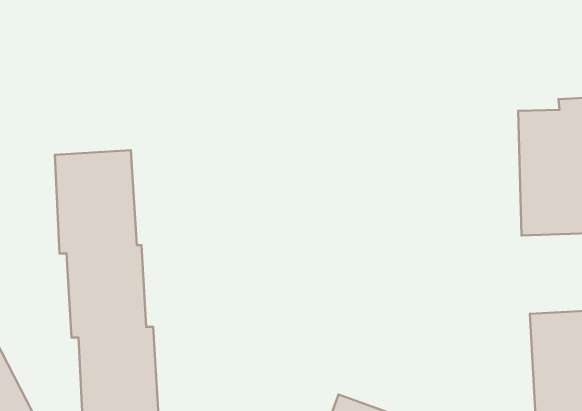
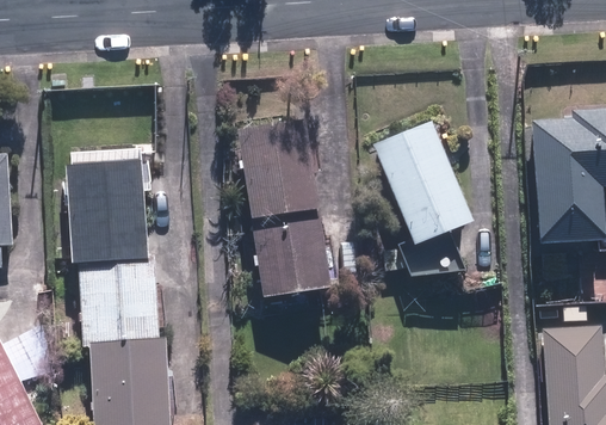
building: none -> [370,118,474,278]
building: none -> [239,121,330,300]

